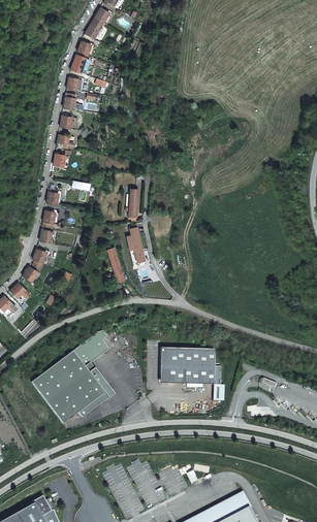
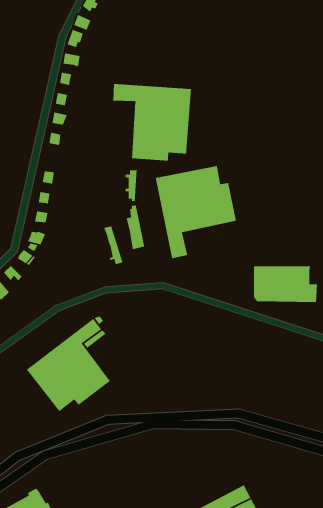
building: none -> [112,83,192,161]
building: none -> [155,165,237,259]
building: [159,349,221,385] -> [253,265,318,303]

